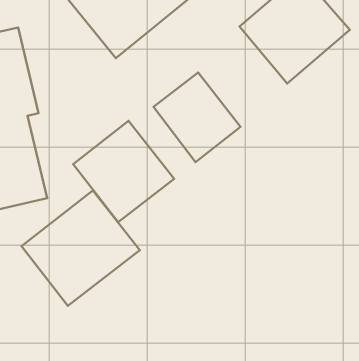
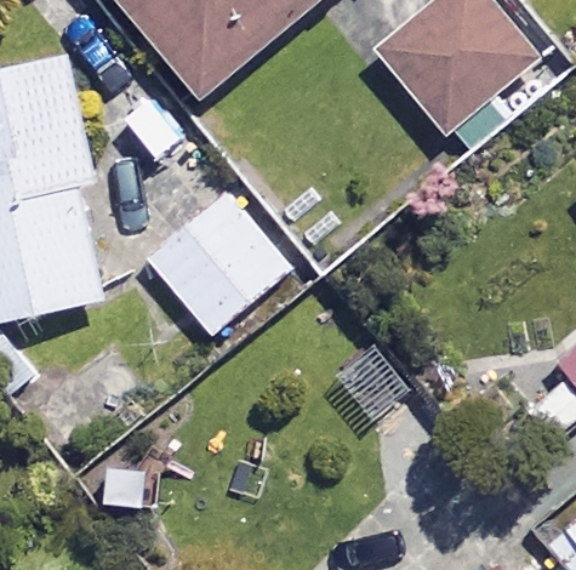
building: [153,72,240,162] -> none
building: [22,191,140,306] -> none

